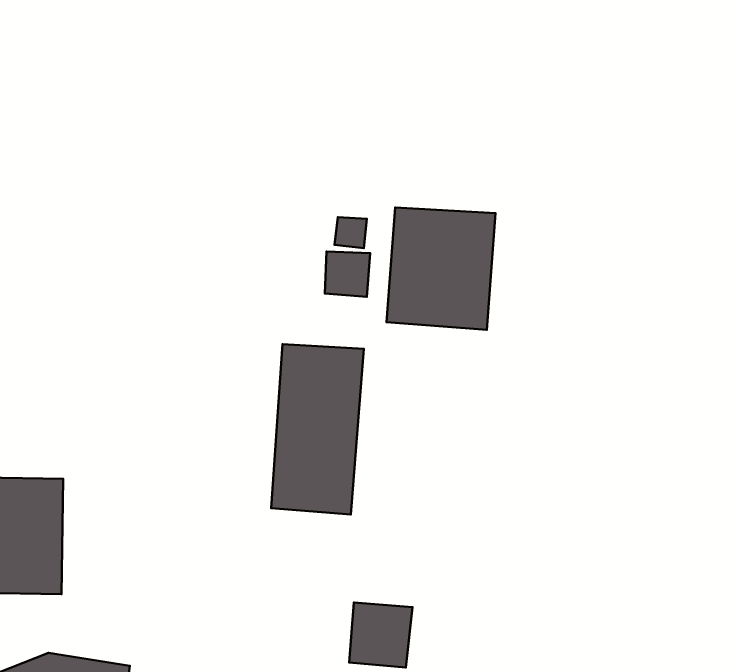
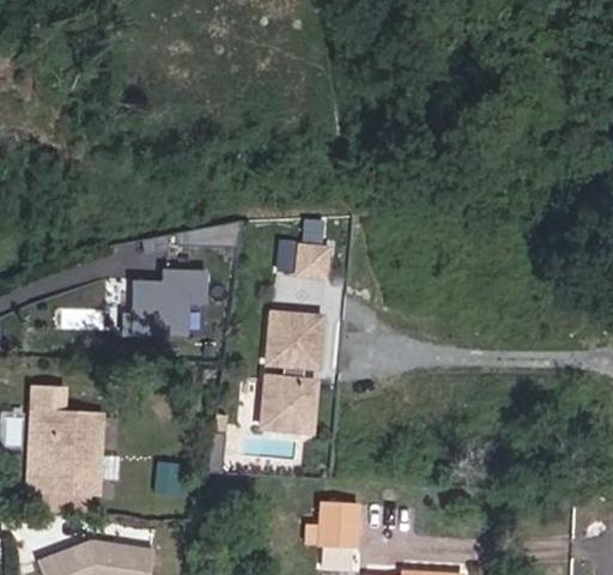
building: [387,207,496,330] -> none
building: none -> [132,270,207,328]

